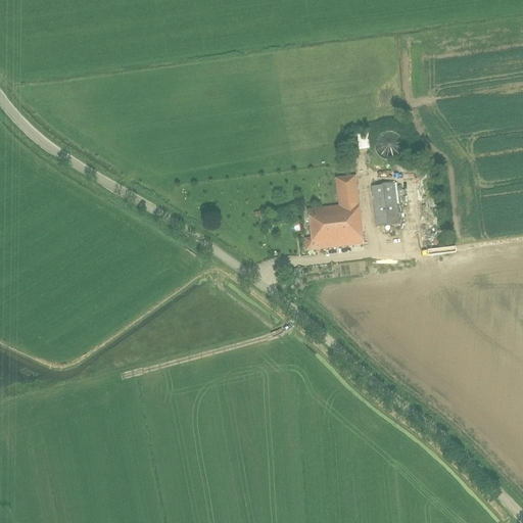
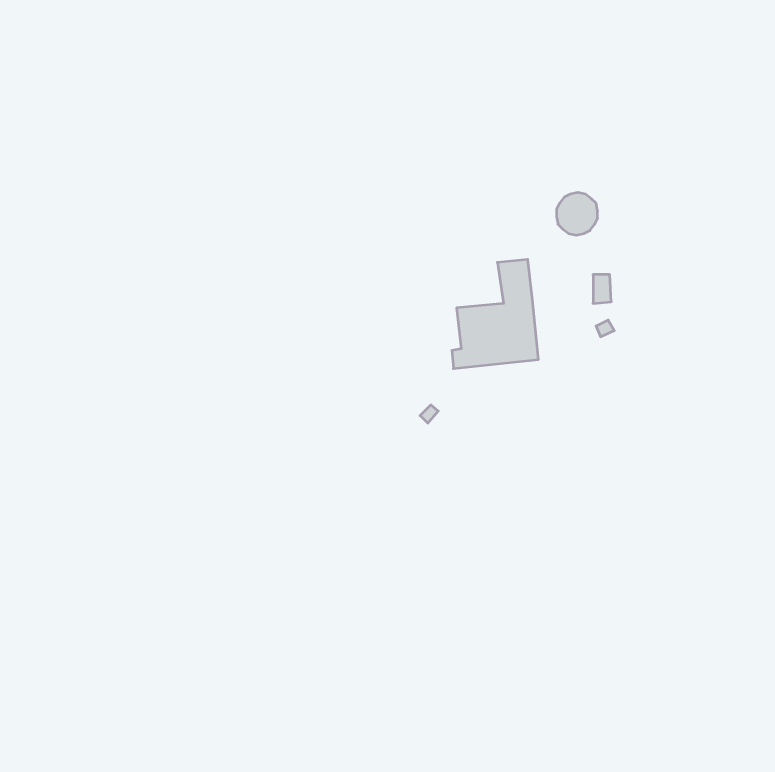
building: [371,181,398,225] -> none

